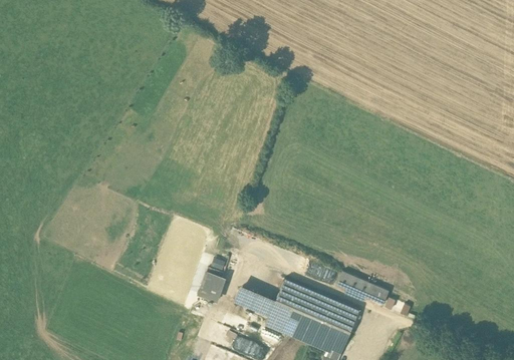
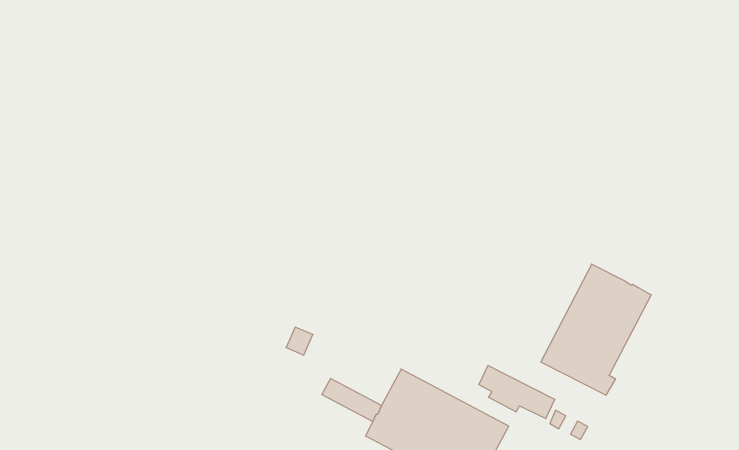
building: none -> [541,264,651,395]
building: [199,272,222,300] -> none

